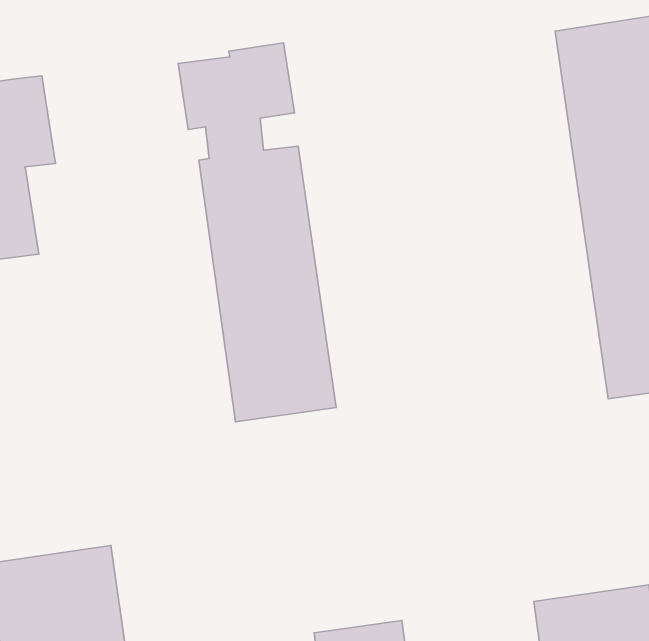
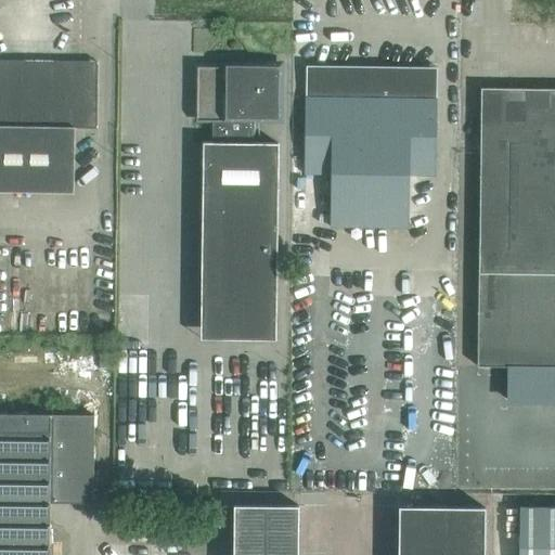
building: none -> [305,66,437,228]

